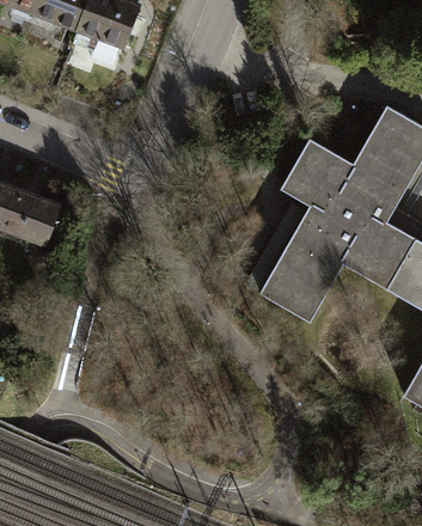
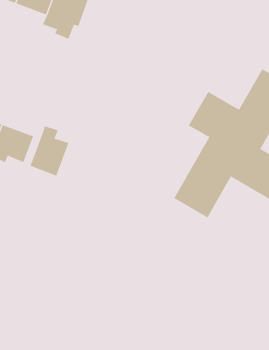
building: none -> [30,125,69,176]

